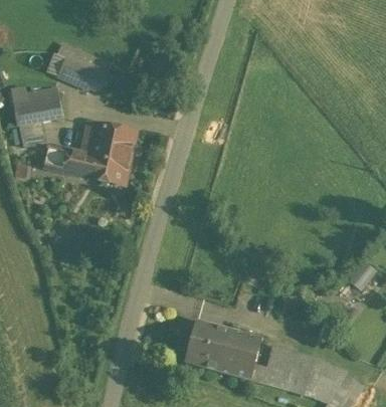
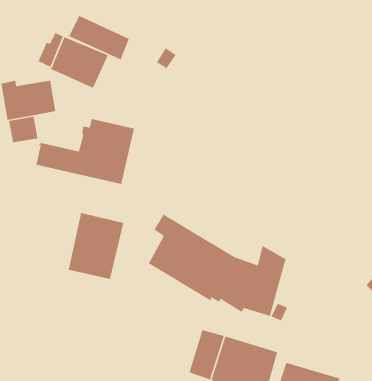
building: none -> [68,15,130,60]
building: none -> [68,212,124,280]
building: none -> [148,213,286,317]

